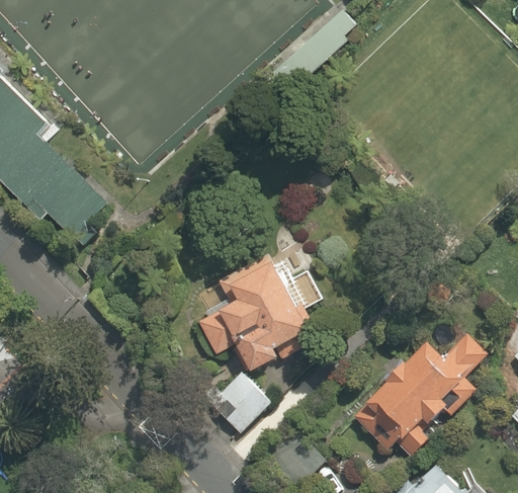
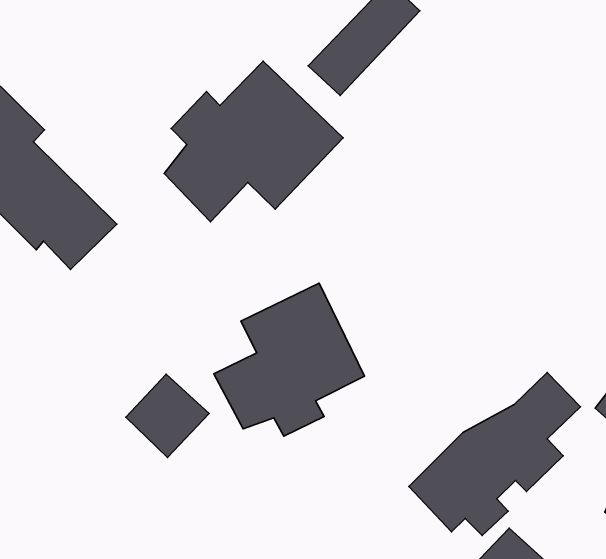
building: none -> [164,61,343,222]
building: [200,366,269,435] -> [126,374,209,458]

